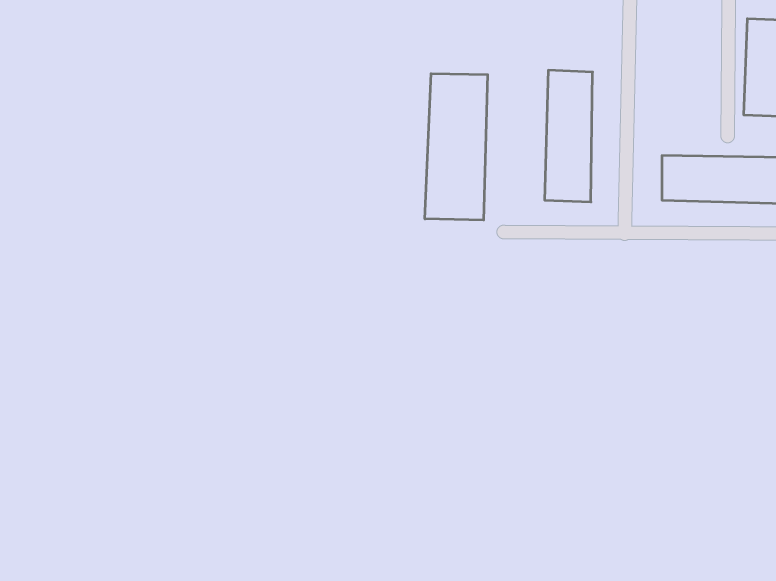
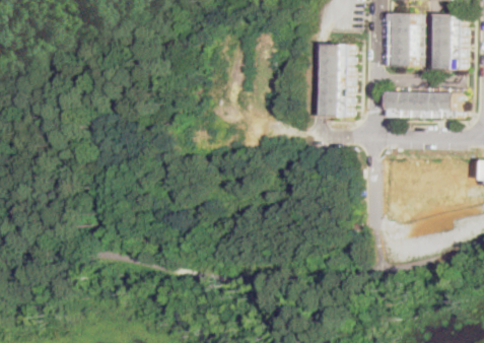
building: none -> [389,12,414,65]
building: [425,74,488,220] -> none

